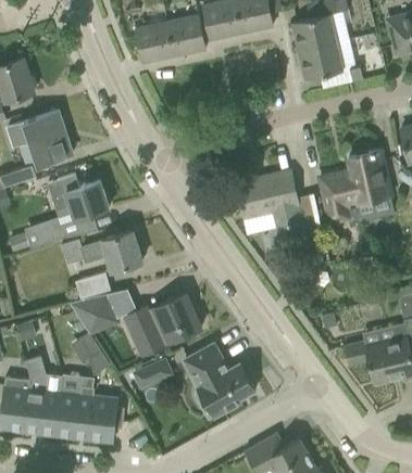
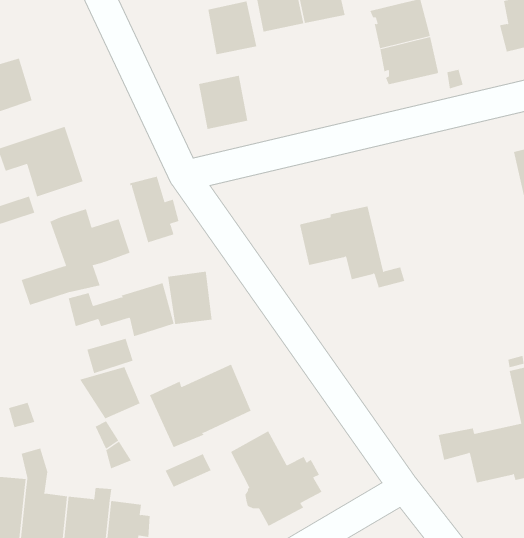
building: [136,22,174,63] -> [198,75,248,129]
building: none -> [129,176,179,243]
building: [320,151,390,227] -> none
building: none -> [167,271,212,325]

